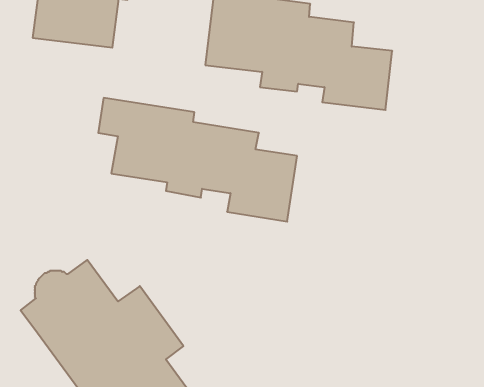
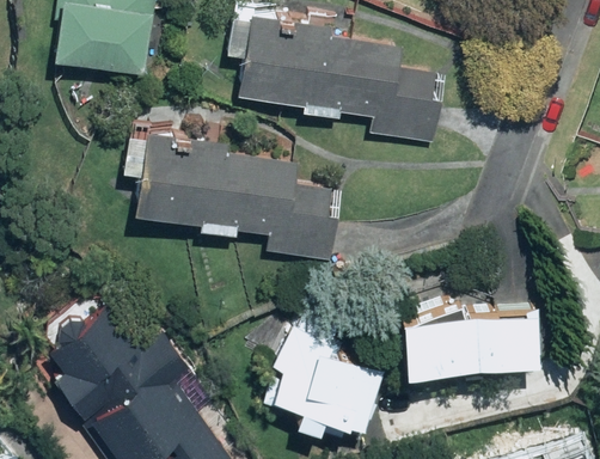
building: none -> [265,313,385,439]
building: none -> [394,313,537,367]

